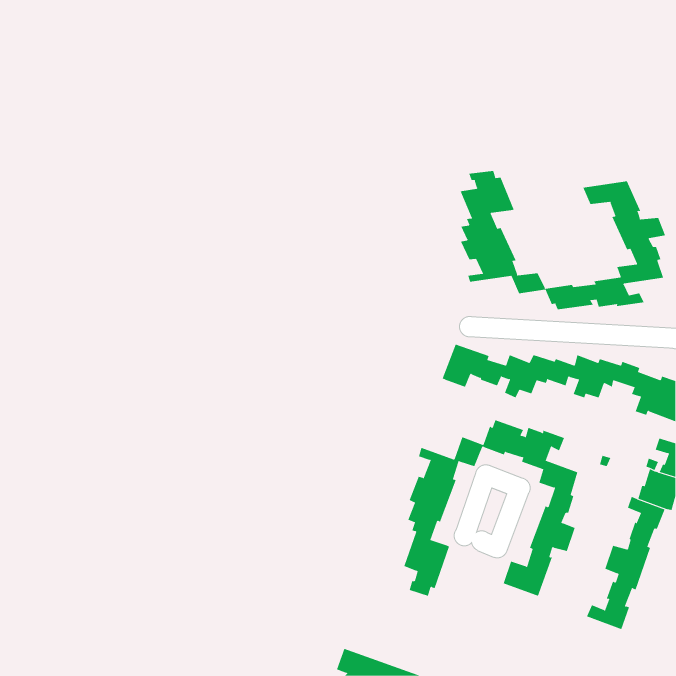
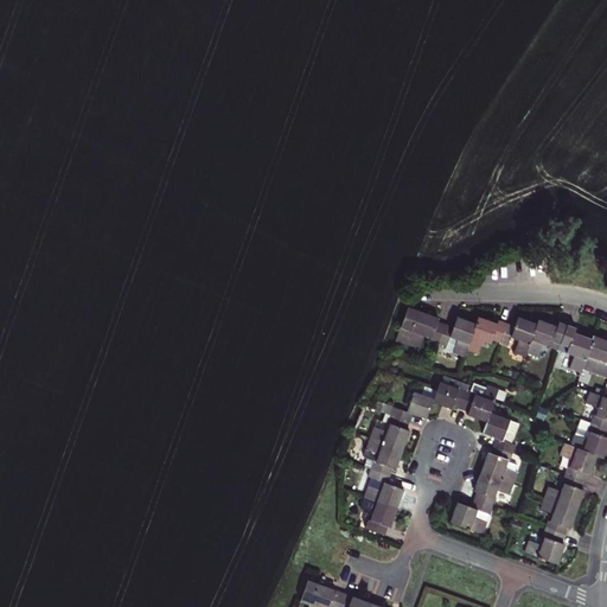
building: [460,170,666,310] -> none

